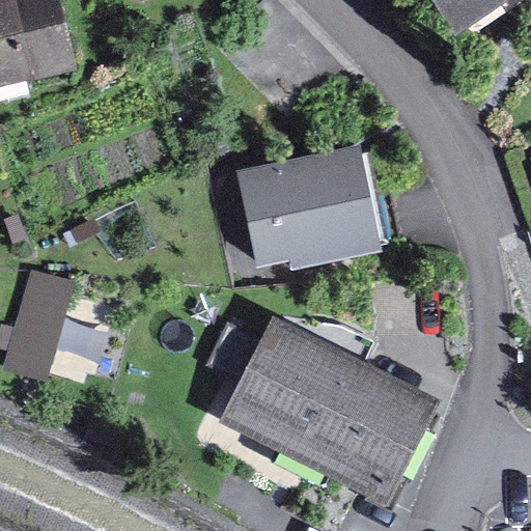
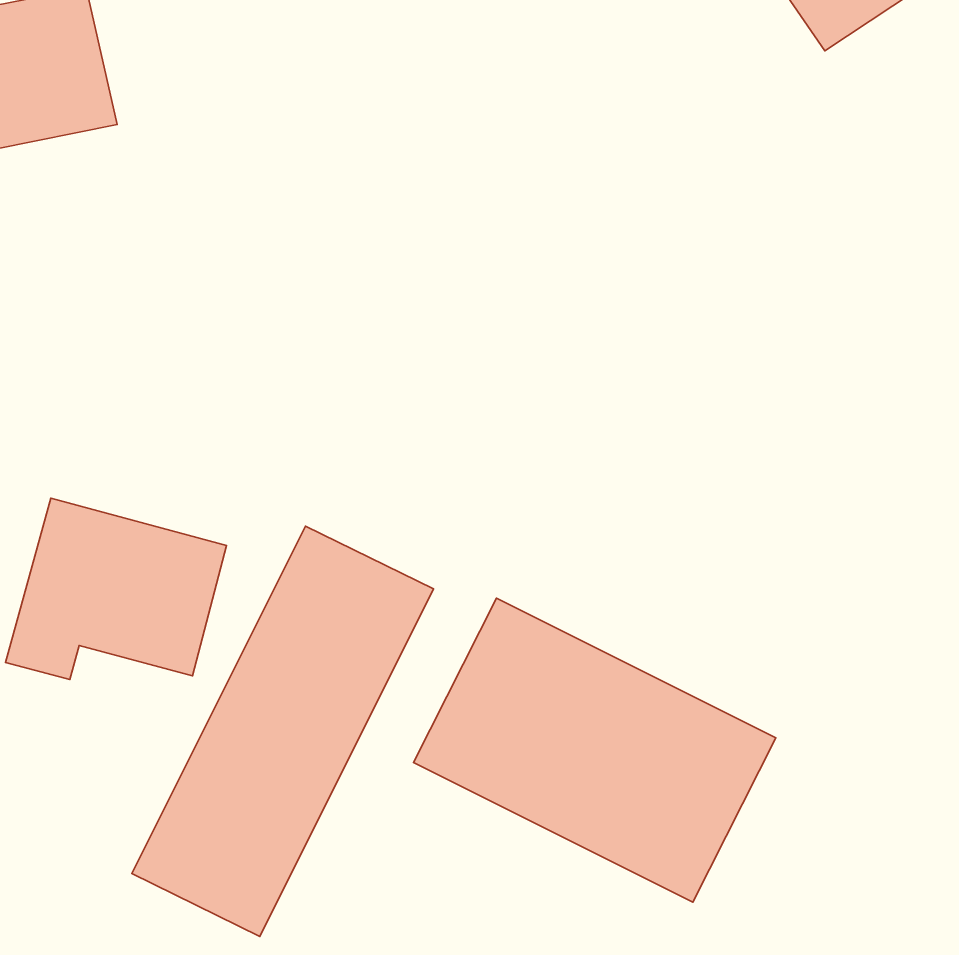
building: [242,155,373,264] -> none
building: none -> [132,526,433,936]

